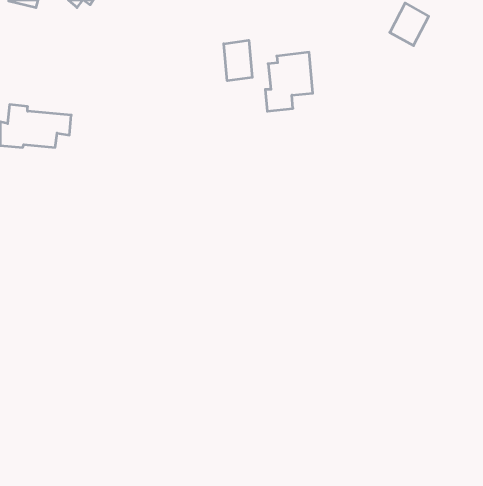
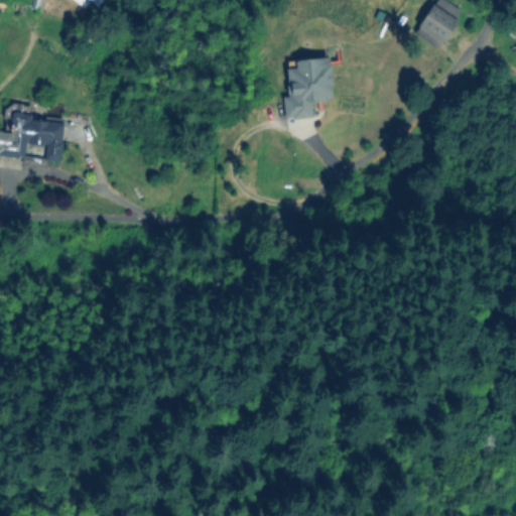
building: [224,40,252,81] -> none

